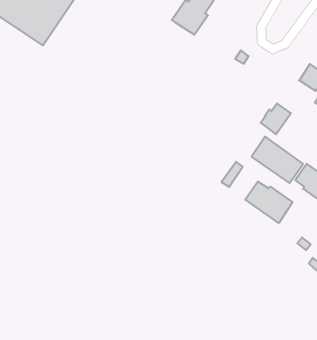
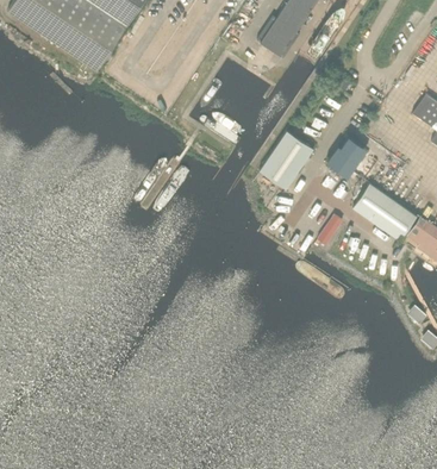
building: none -> [260,130,314,188]
building: [261,103,291,134] -> [329,137,366,175]
building: [245,181,293,223] -> none

